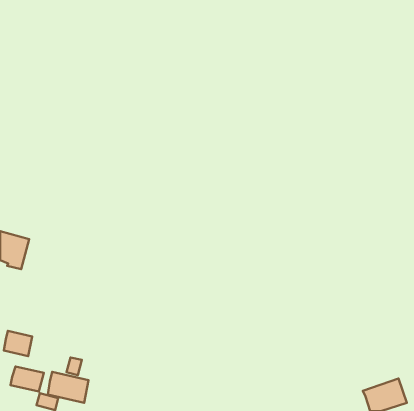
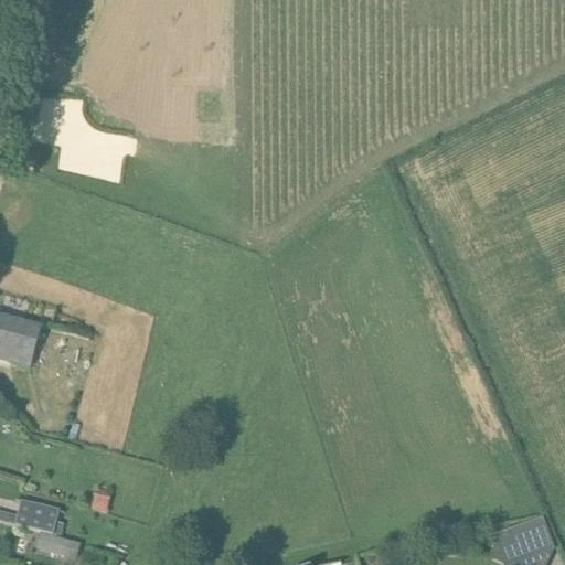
building: [4,331,32,356] -> none
building: [48,372,88,403] -> none

